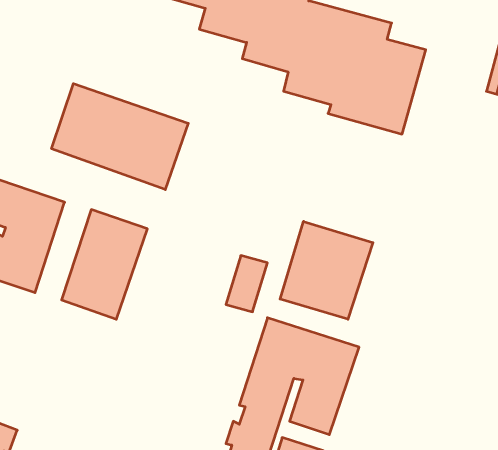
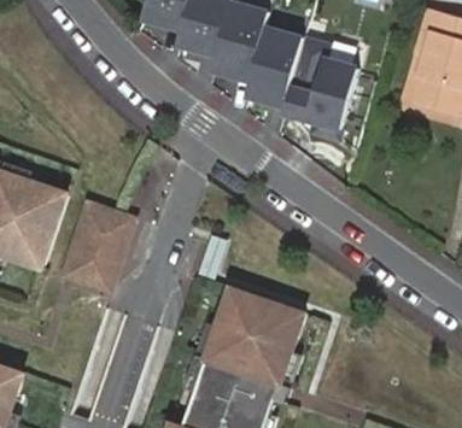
building: [52,84,188,190] -> none
building: [280,221,373,319] -> none

